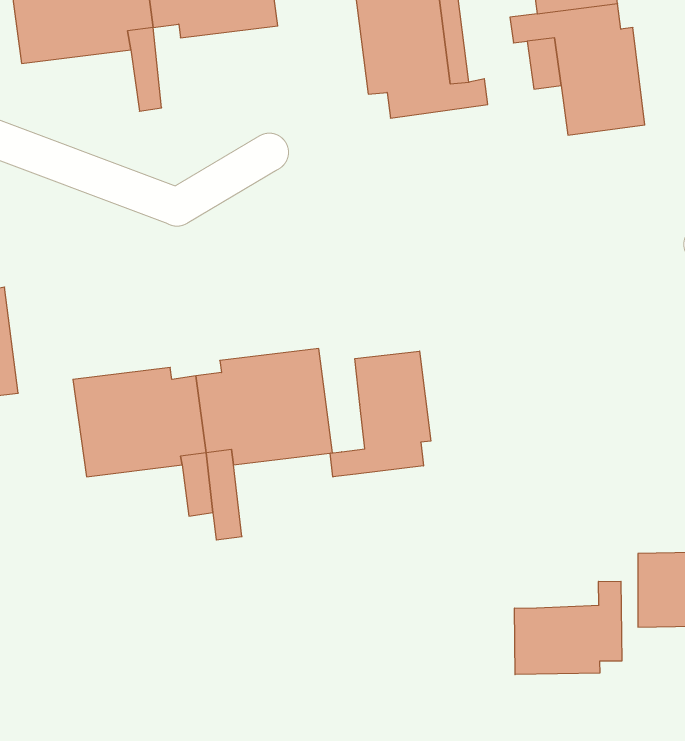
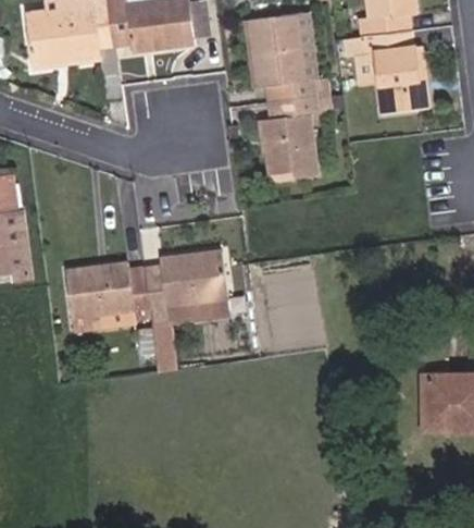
building: none -> [261,94,332,181]
building: [330,351,431,477] -> none
building: [515,581,622,675] -> none

